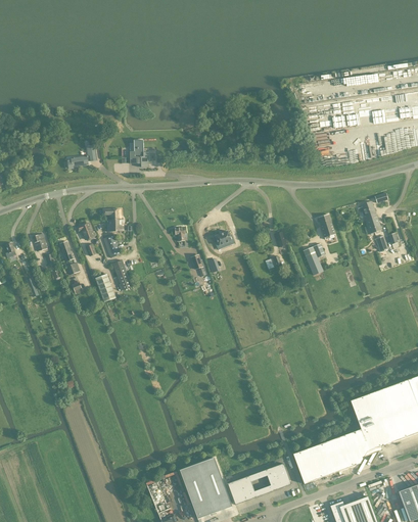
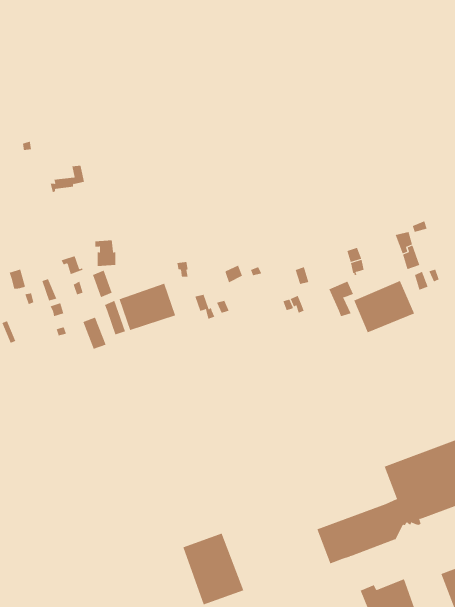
building: [129,142,148,167] -> none
building: none -> [354,280,415,333]
building: none -> [119,283,176,331]
building: [227,463,290,504] -> none

